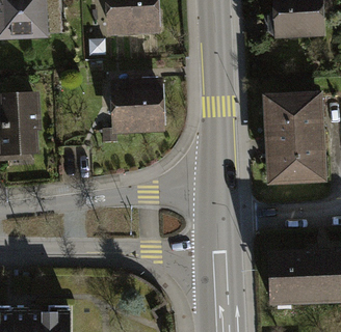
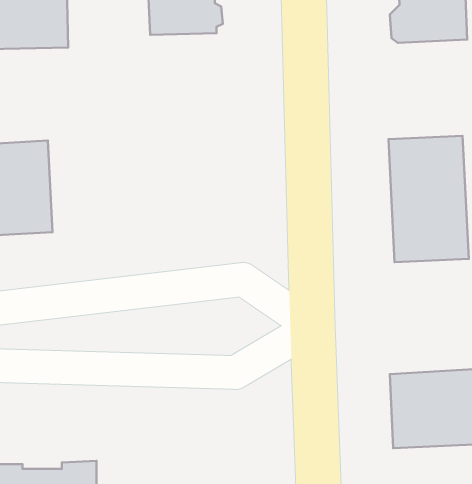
building: [114,85,165,132] -> none

